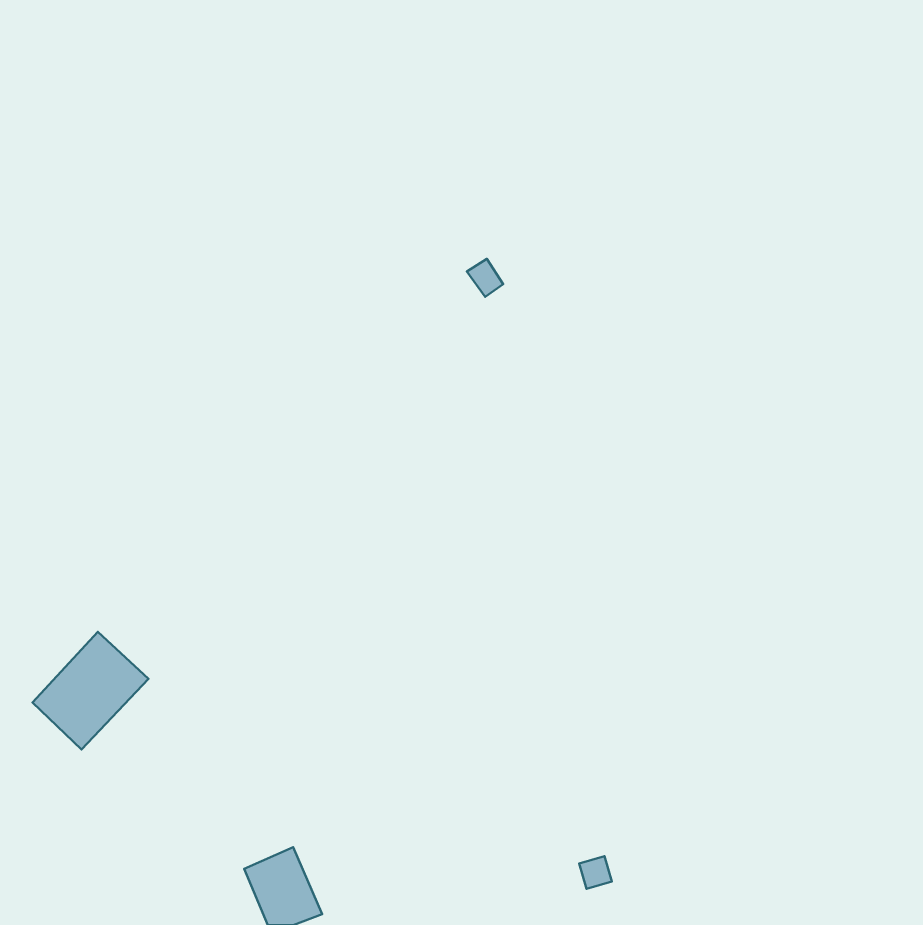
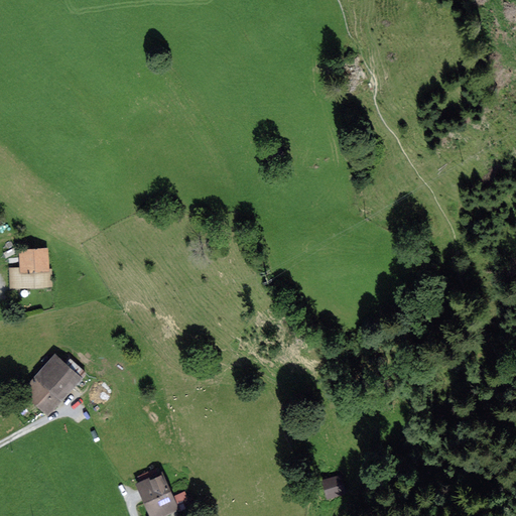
building: none -> [6,247,50,289]

